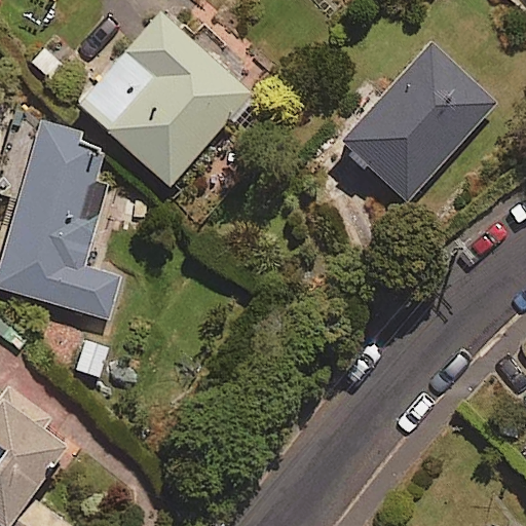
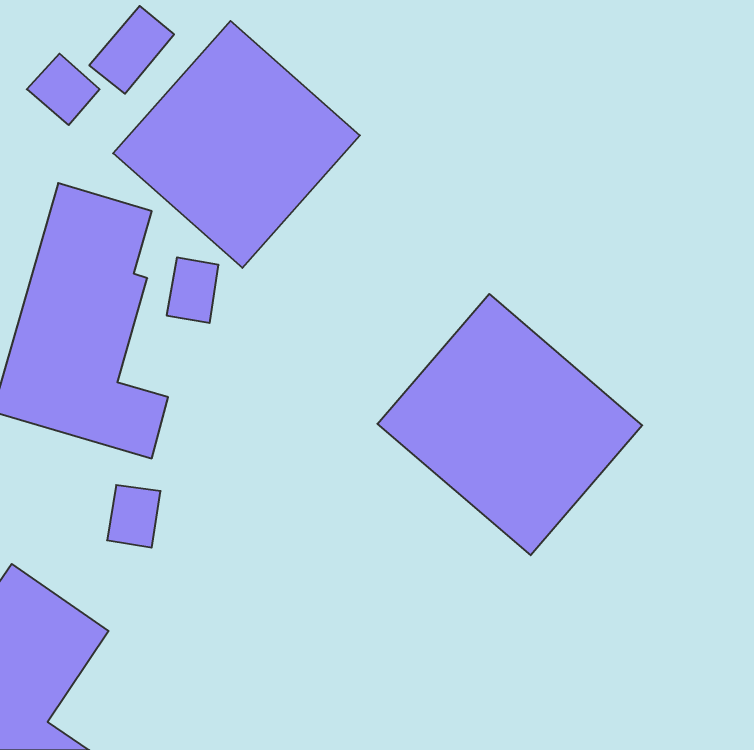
building: [343,46,494,202] -> none
building: none -> [377,294,642,555]

